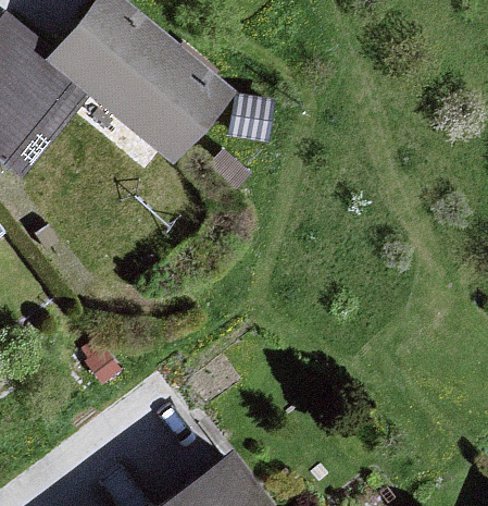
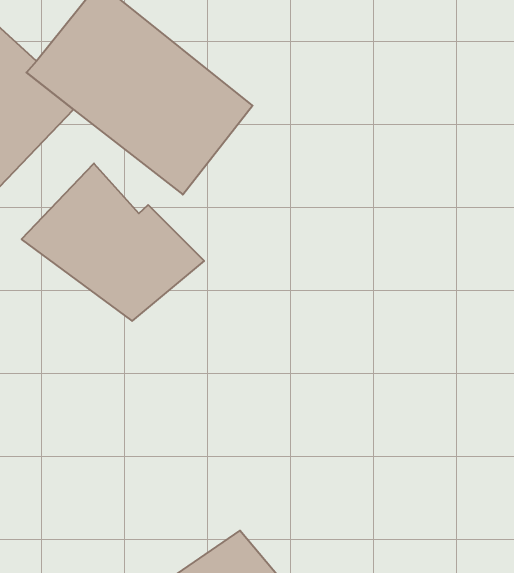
building: none -> [22,163,204,321]

